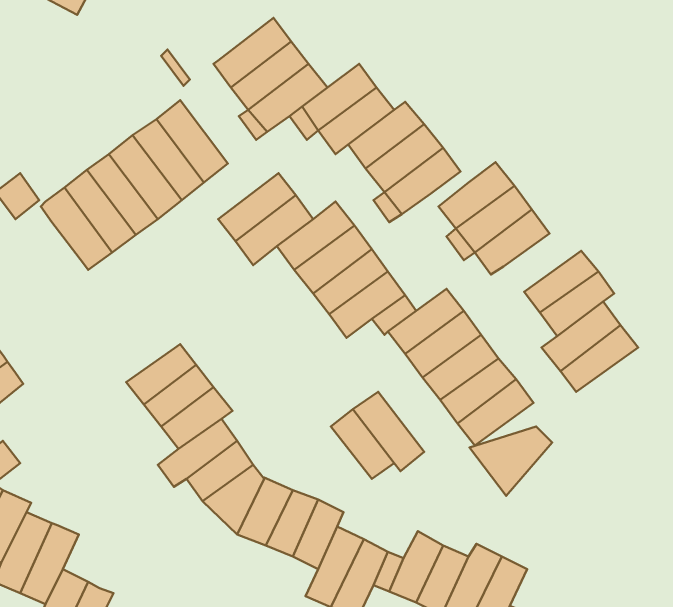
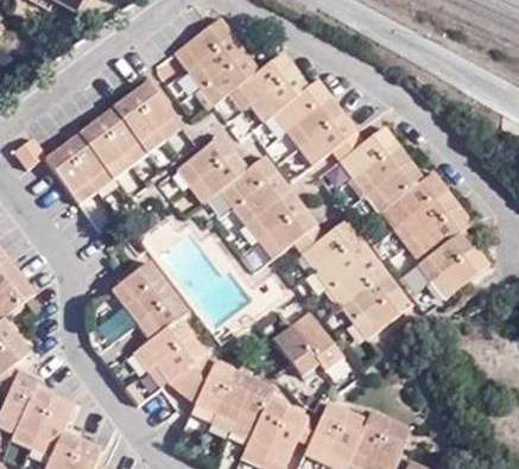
building: none -> [391,172,449,223]
building: [469,427,552,496] -> none

